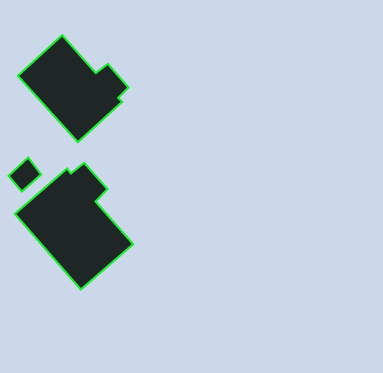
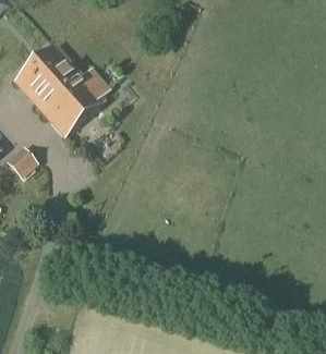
building: [15,163,133,289] -> none

